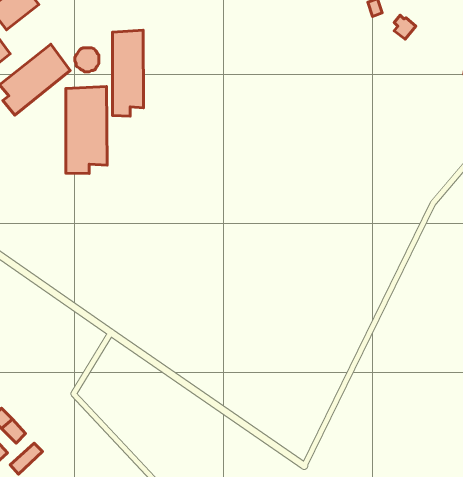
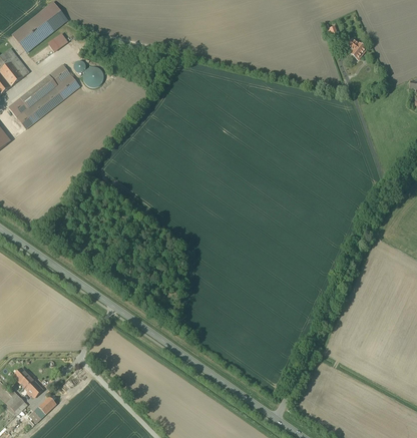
building: [113,30,144,116] -> none
building: [66,87,107,173] -> none

